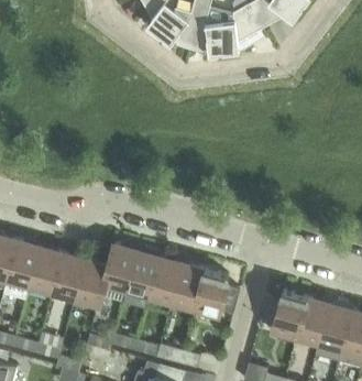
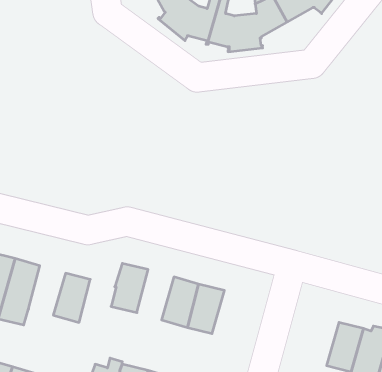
building: [29,247,62,291] -> none
building: [125,247,160,295] -> none
building: [74,259,107,304] -> none
building: [193,269,239,314] -> none
building: [259,291,306,336] -> none

